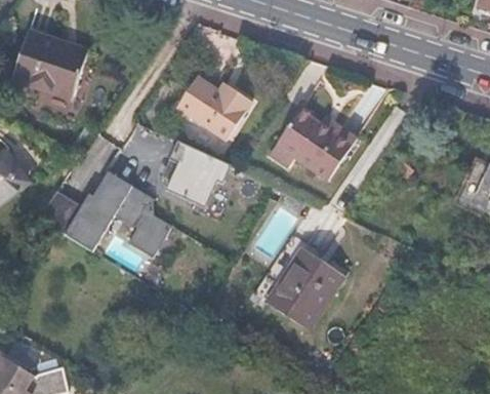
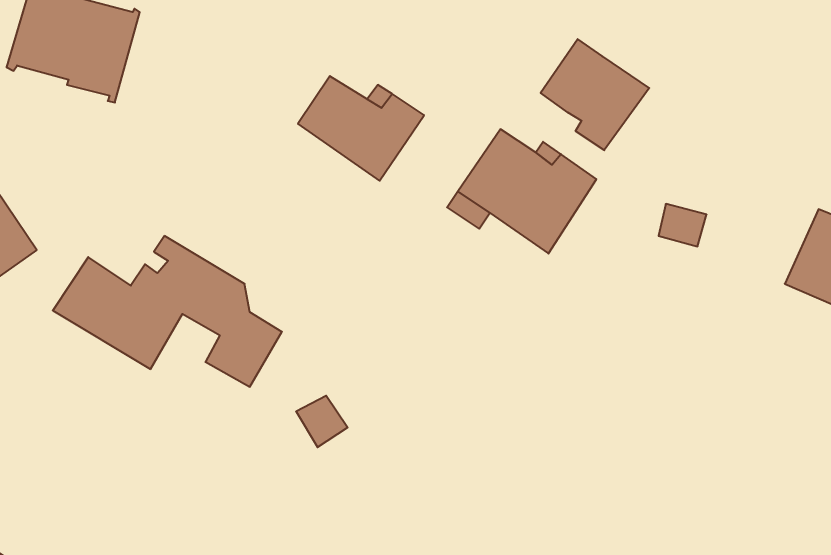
building: none -> [541,39,649,150]
building: [165,143,230,209] -> none
building: [269,239,355,334] -> none

